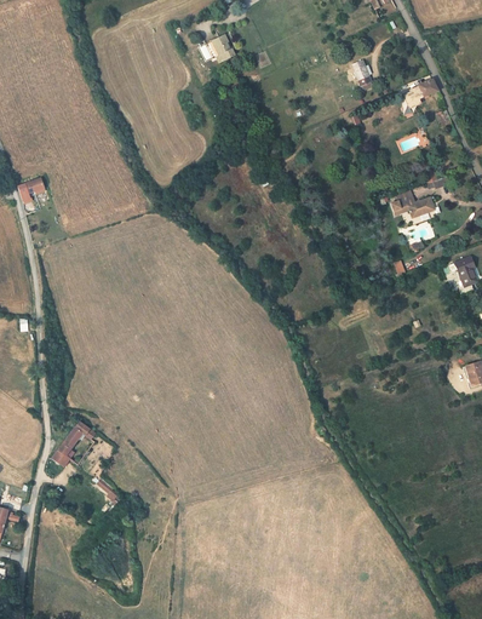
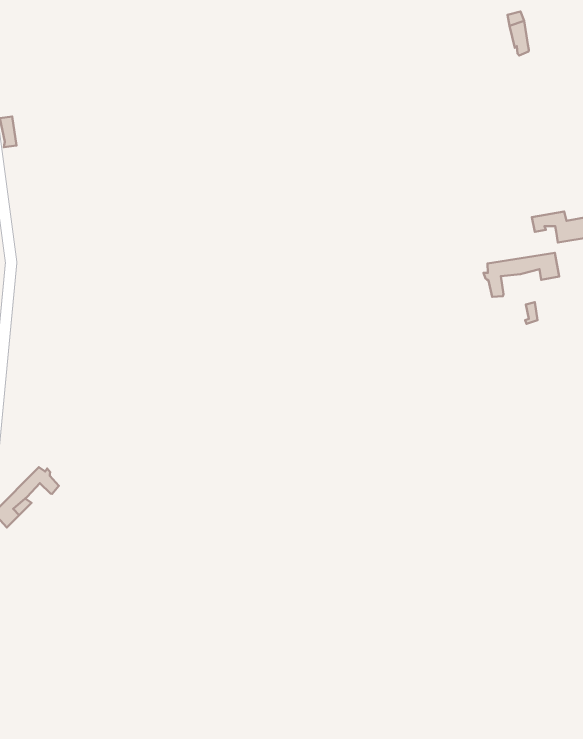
building: none -> [484,253,559,297]

